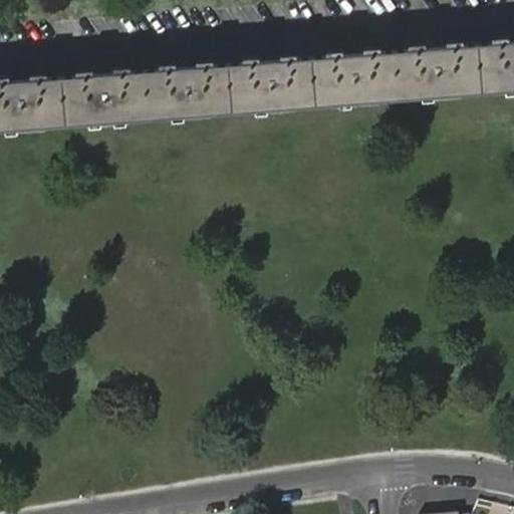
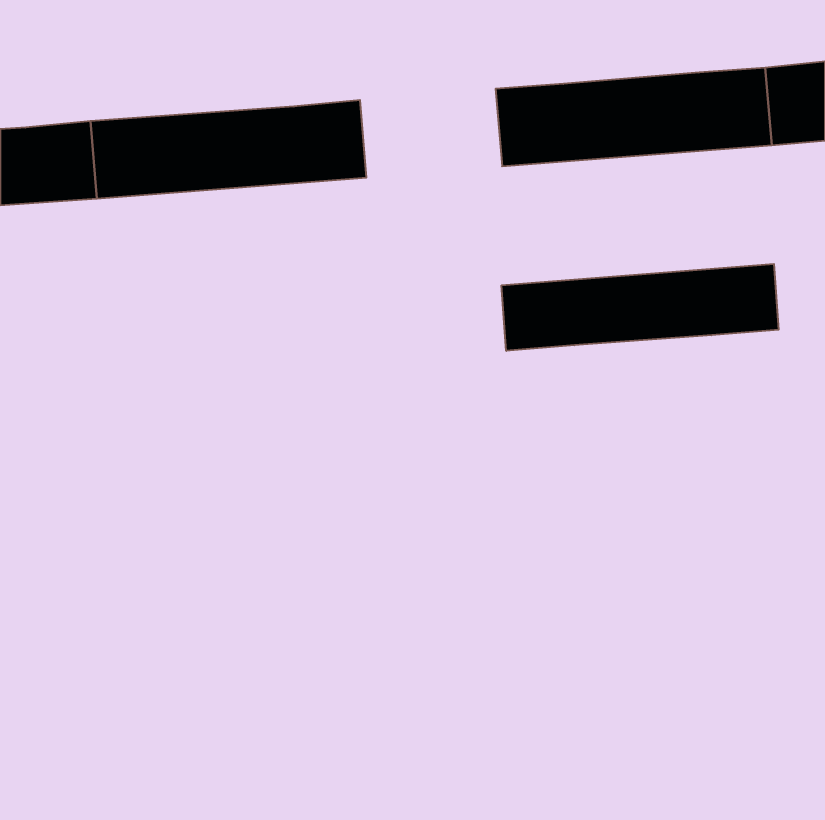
building: [224,58,312,113] -> none
building: none -> [502,264,779,351]

